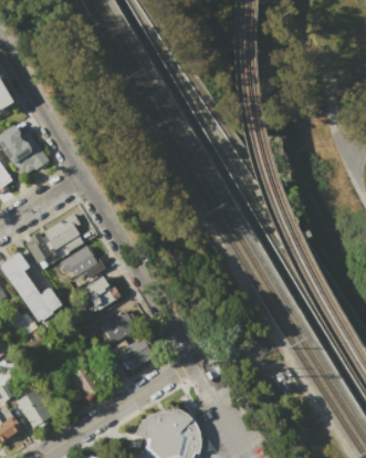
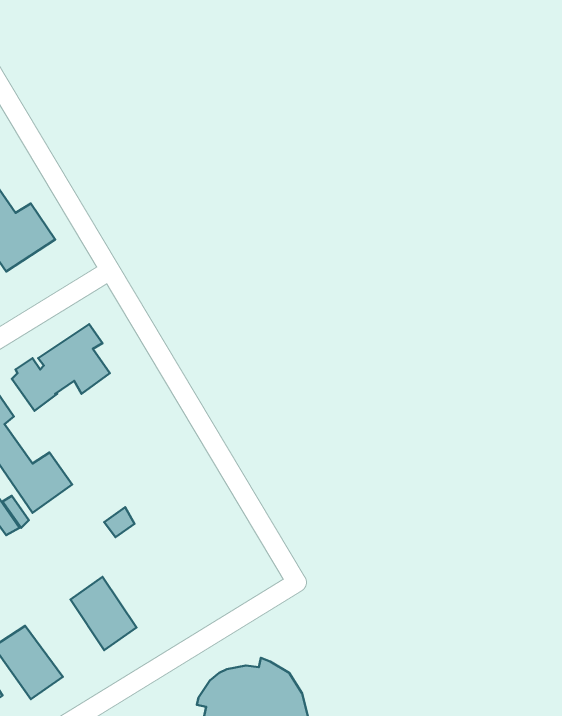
building: [61,244,97,278] -> none
building: [83,275,119,310] -> none
building: [102,308,139,344] -> none
building: [119,335,157,369] -> none

